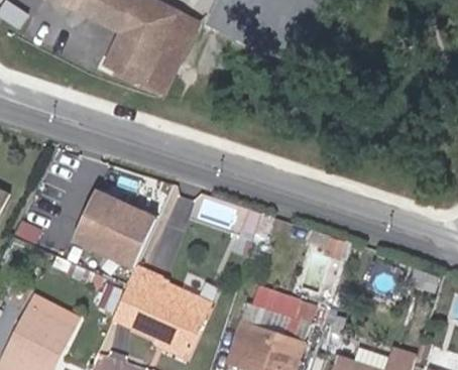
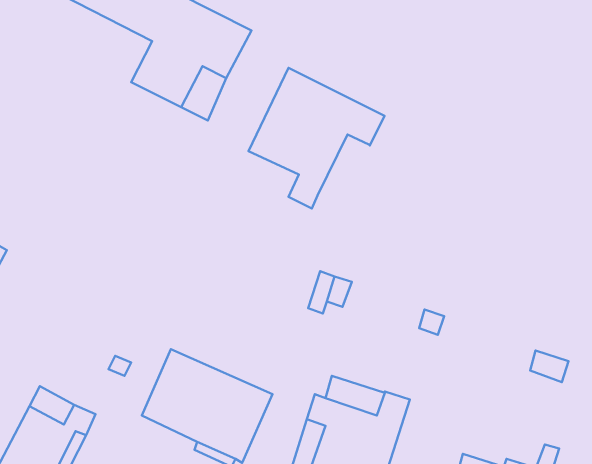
building: none -> [248,68,385,208]
building: [76,192,156,267] -> none

